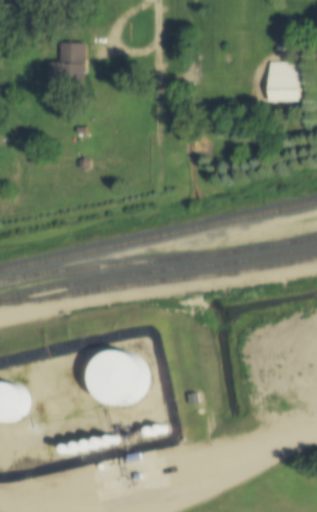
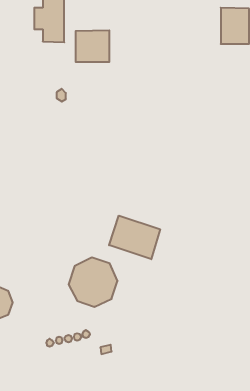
building: none -> [76,30,109,62]
building: none -> [109,216,160,259]

